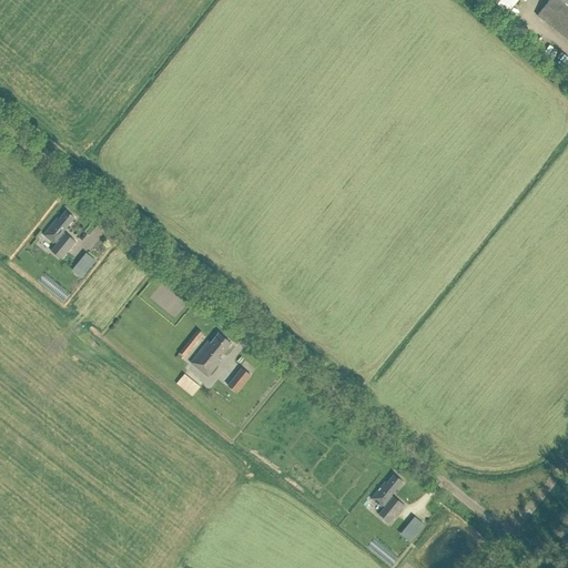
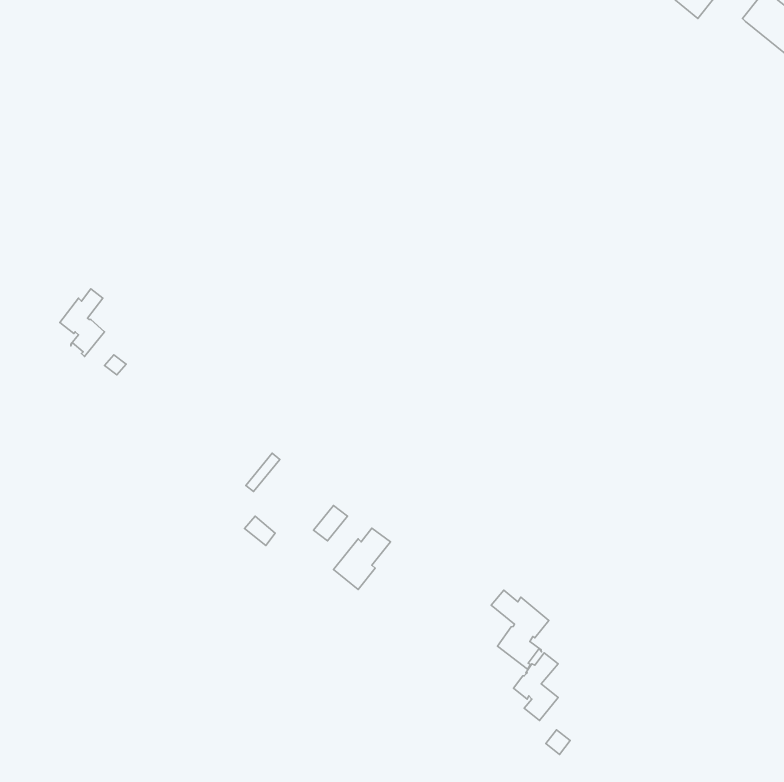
building: [191,331,232,375] -> [334,528,390,590]
building: none -> [491,590,549,669]

